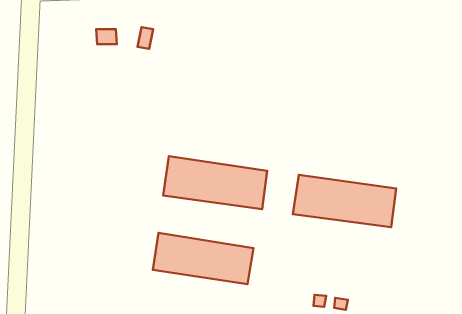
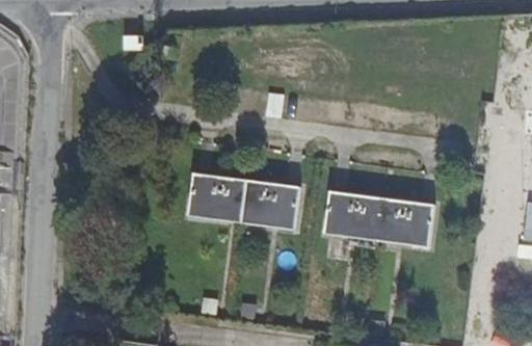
building: [153,233,254,284] -> none

